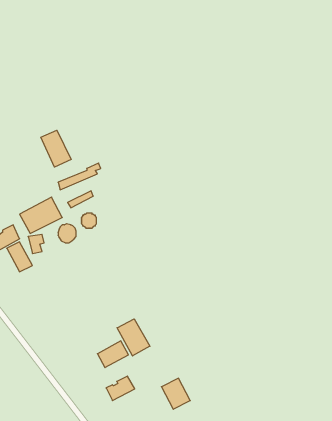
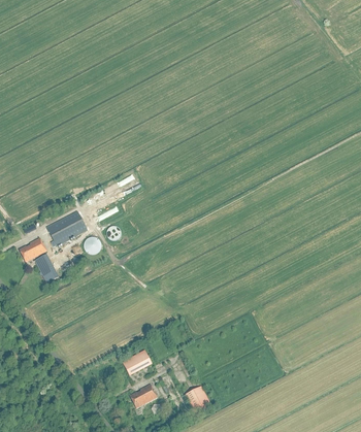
building: [41,130,71,167] -> none
building: [117,319,150,356] -> none

